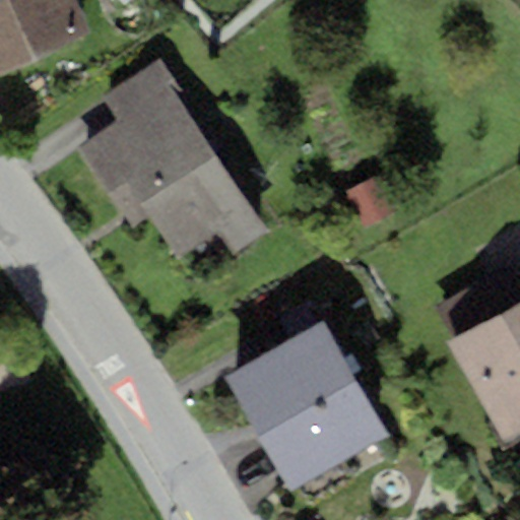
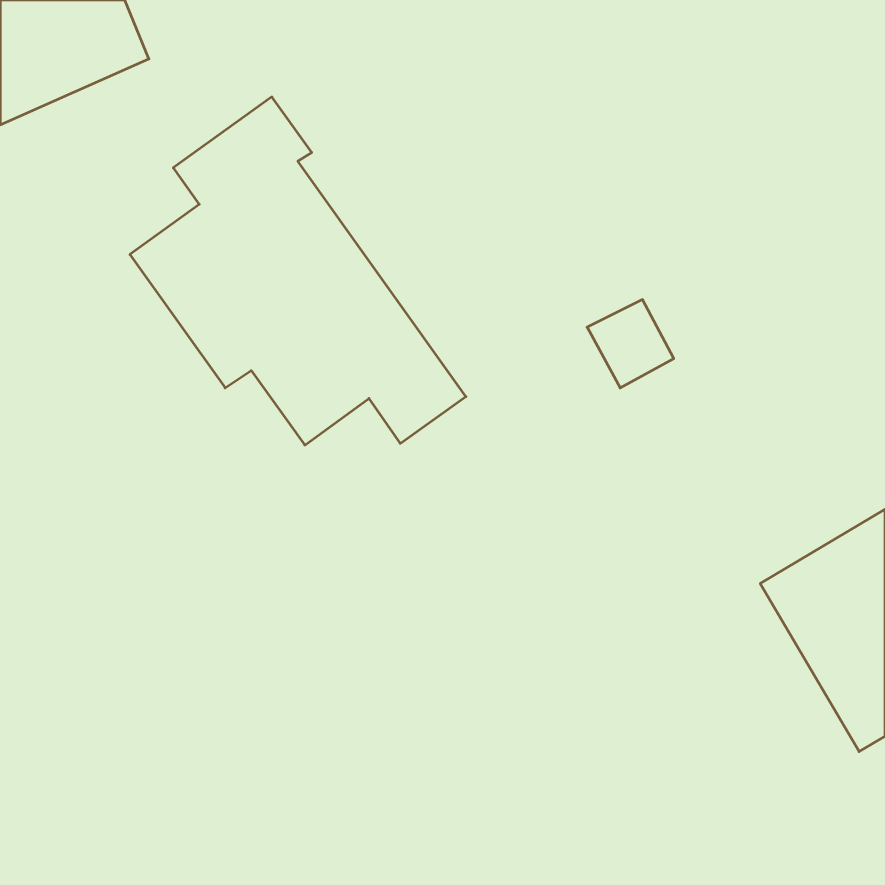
building: [223,320,387,491] -> none

